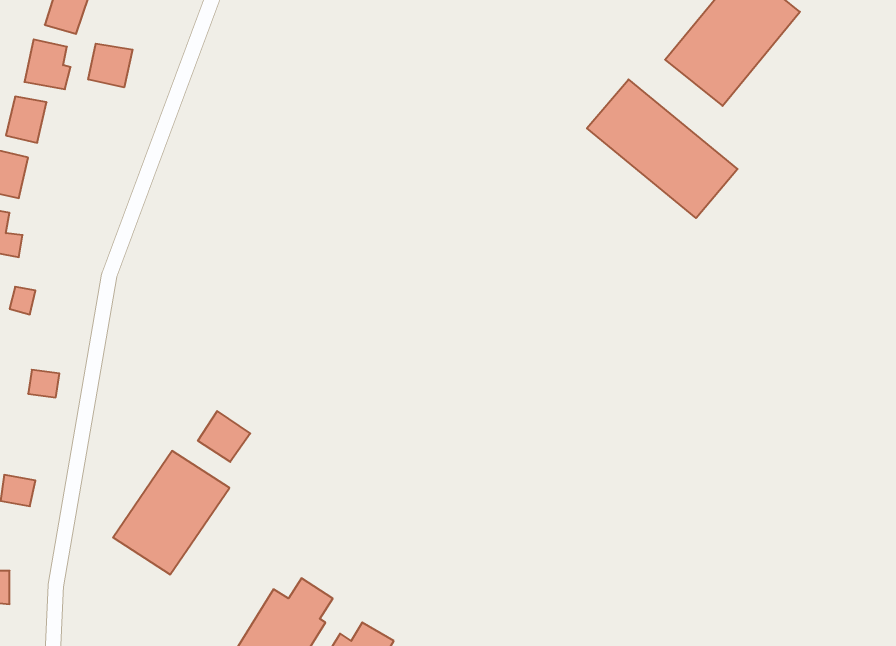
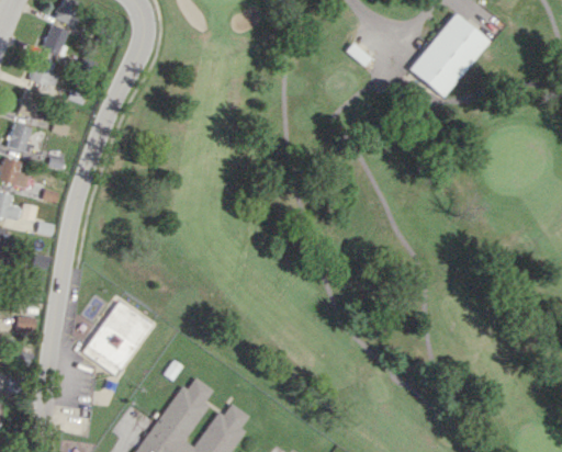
building: [88,44,133,87] -> none
building: [587,79,738,218] -> none
building: [198,411,250,462] -> none

